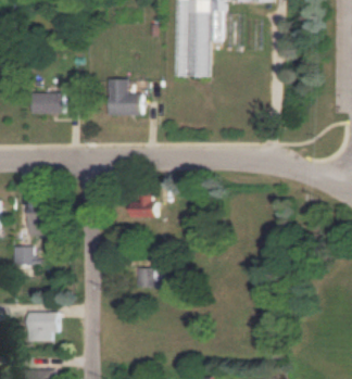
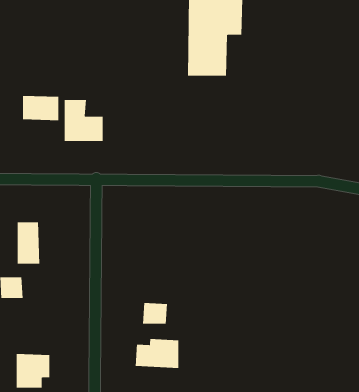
building: [110,79,143,115] -> [64,99,103,142]
building: [131,194,156,217] -> none
building: none -> [135,338,179,369]

